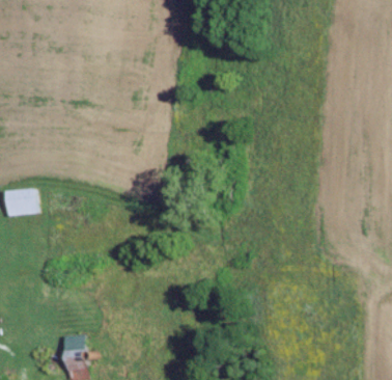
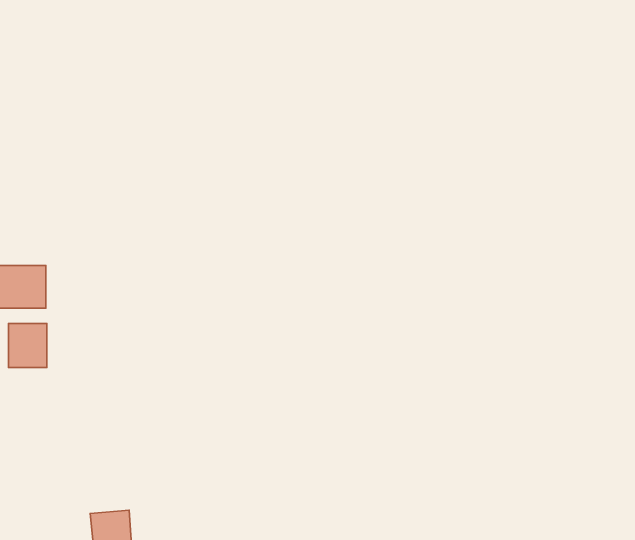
building: none -> [9,324,47,367]

